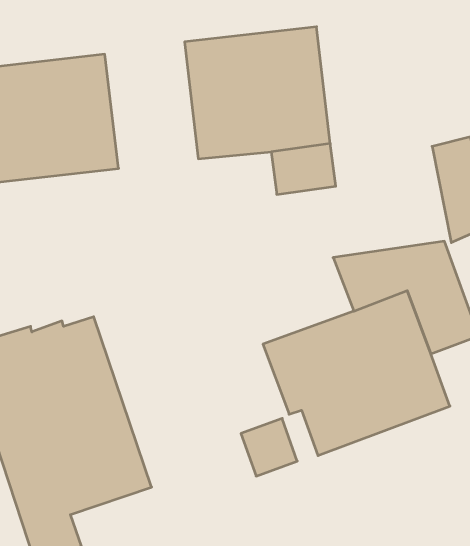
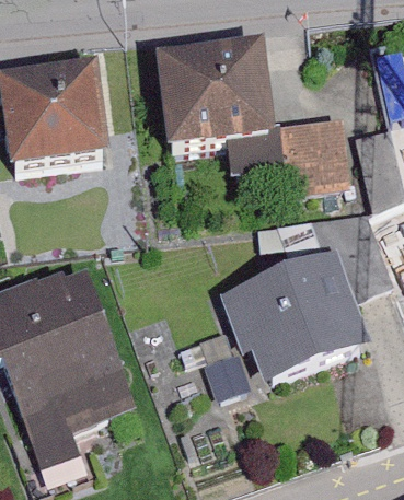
building: none -> [285,118,348,189]

